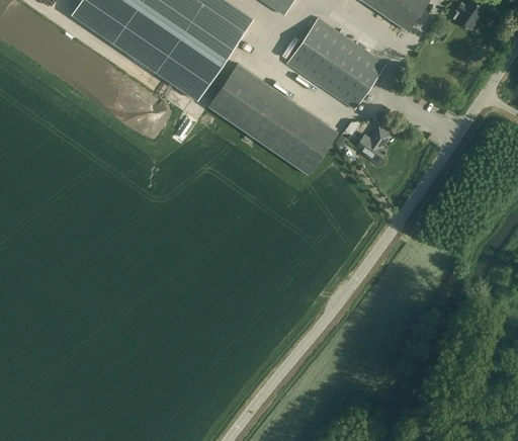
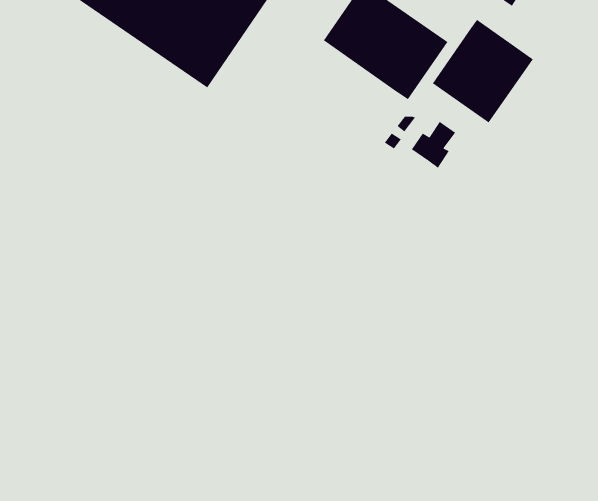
building: none -> [432,19,534,123]
building: [207,63,336,174] -> none

